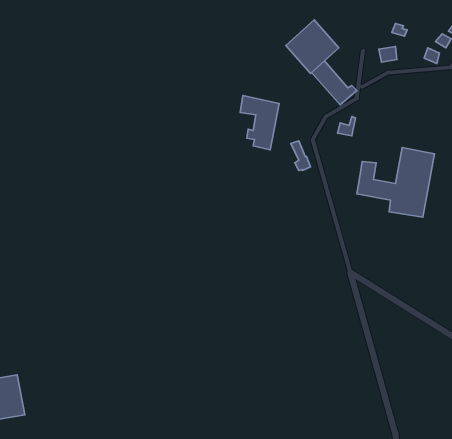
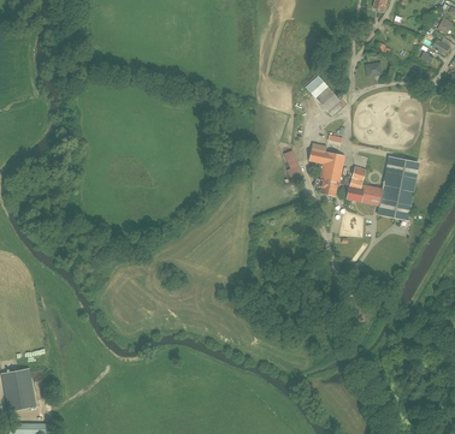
building: [286,20,339,73] -> none
building: [240,96,279,150] -> [309,143,345,194]

